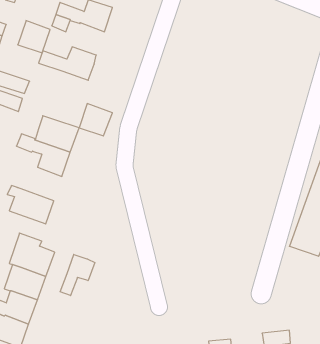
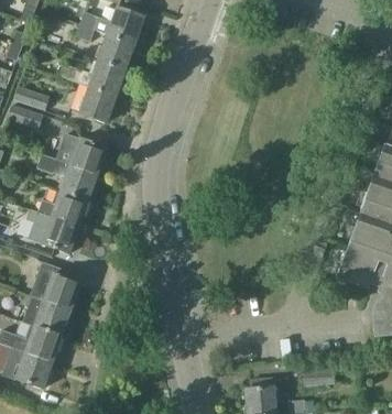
building: [18,21,50,53] -> [97,33,132,68]
building: [79,104,112,136] -> [78,86,115,121]
building: none -> [37,190,86,227]
building: [60,254,95,296] -> none

